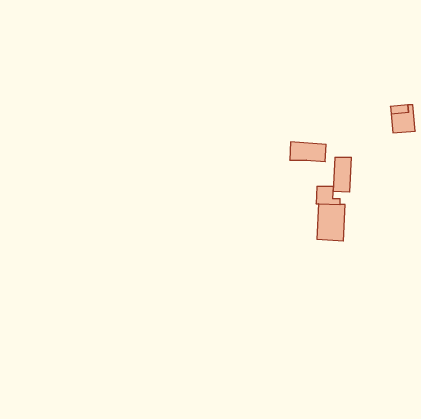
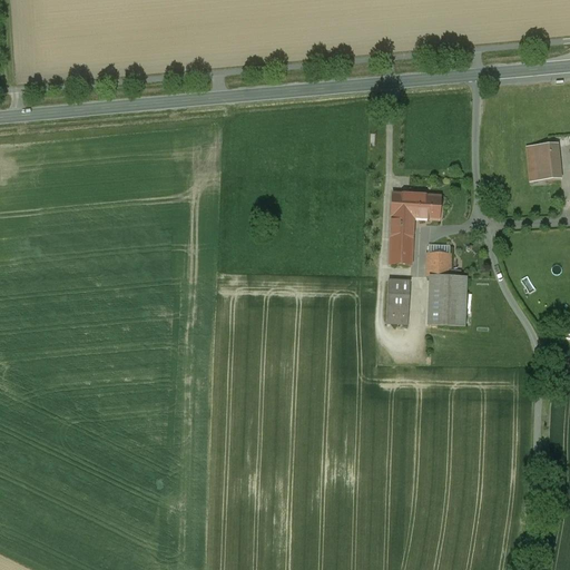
building: [333,157,351,192] -> [390,216,414,263]
building: none -> [386,279,411,323]

